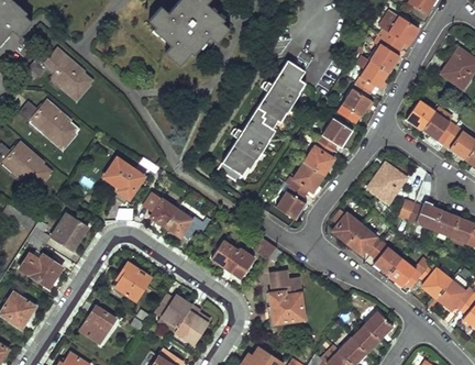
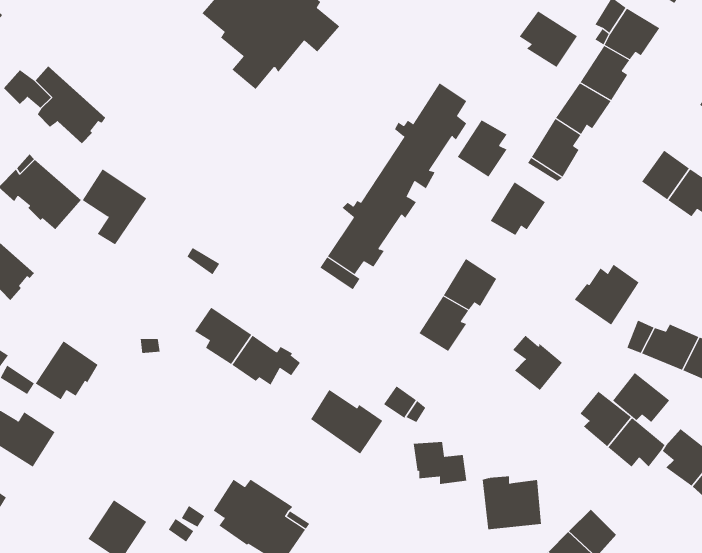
building: none -> [519,10,578,68]
building: [303,142,333,176] -> [457,120,507,178]
building: [104,159,143,204] -> [82,168,147,245]
building: [347,225,382,255] -> [612,372,670,423]
building: [115,262,151,300] -> none
building: [272,292,307,324] -> [482,476,542,530]

